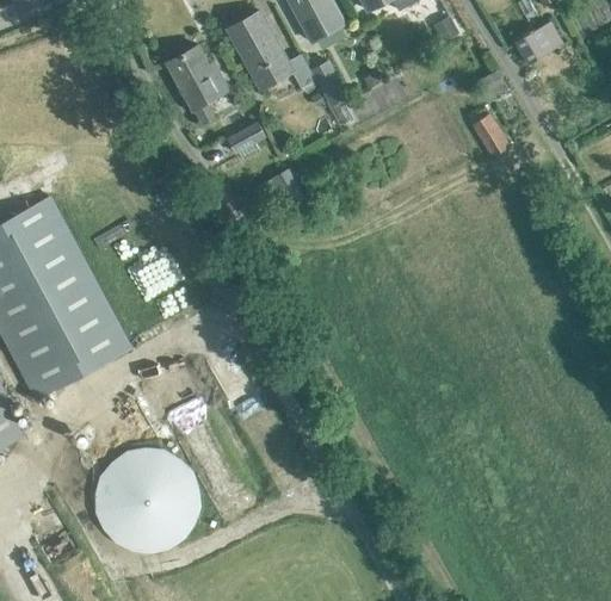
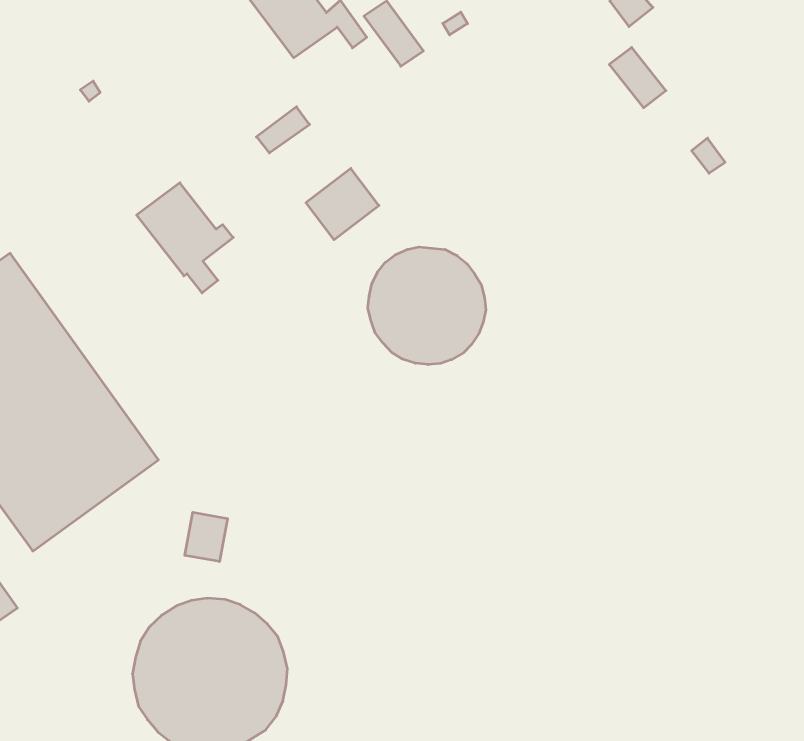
building: [166,47,229,123] -> [137,183,233,293]
building: none -> [368,247,486,365]
building: none -> [185,512,228,562]

